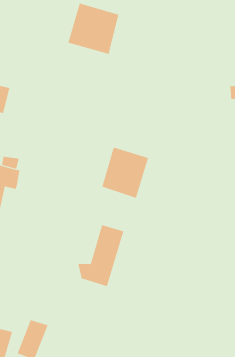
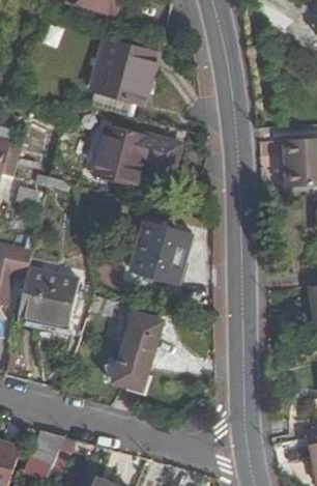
building: none -> [92,125,180,189]
building: none -> [18,264,77,326]

